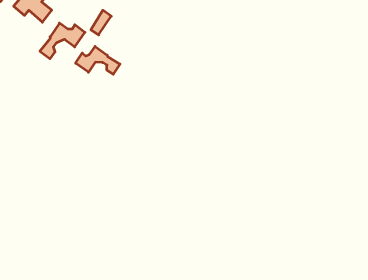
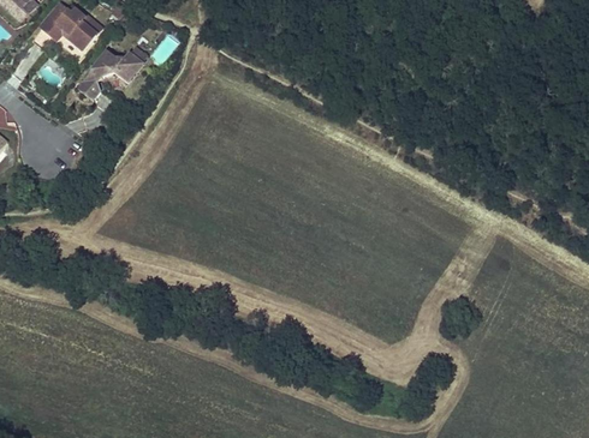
building: [76,46,120,74] -> none

